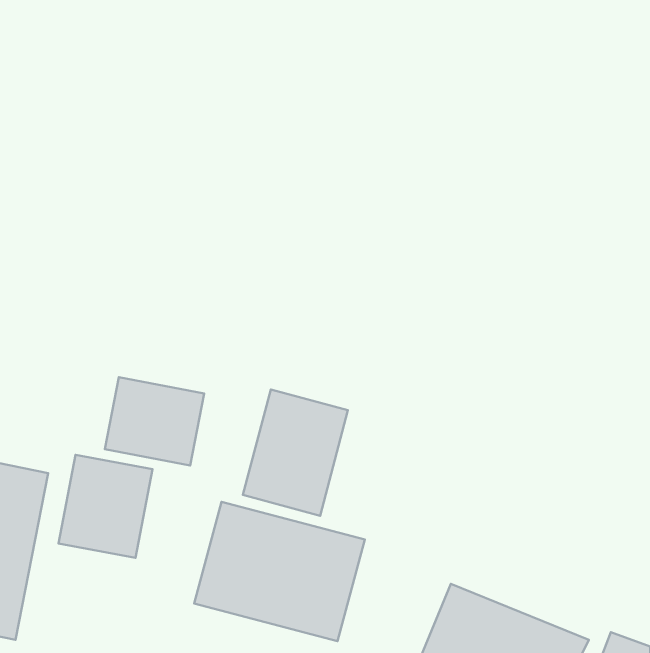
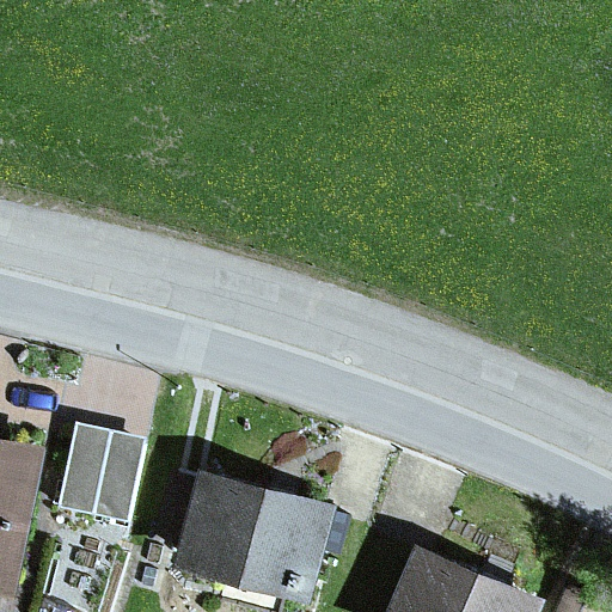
building: [105,377,204,465] -> none
building: [243,389,348,516] -> none

